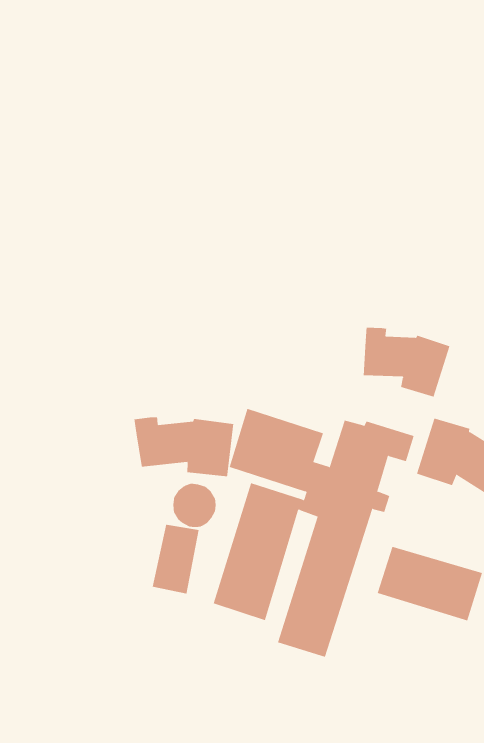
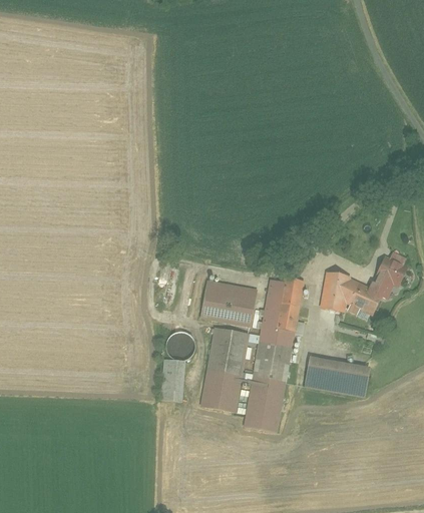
building: [363,327,450,397] -> none
building: [134,417,234,477] -> none

